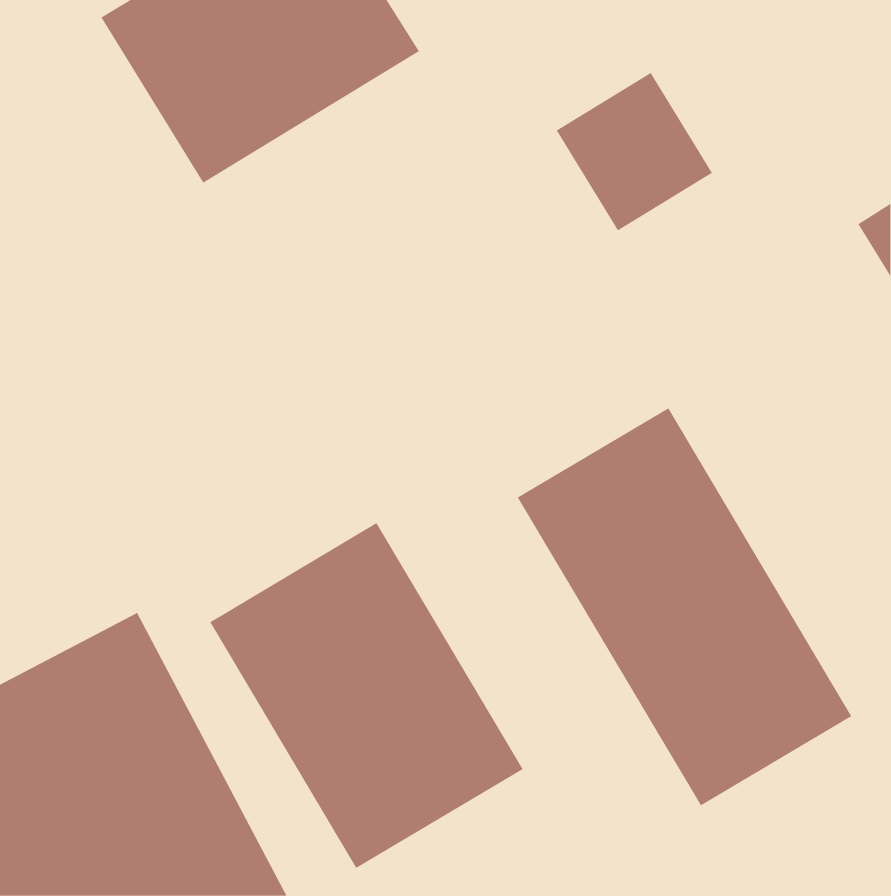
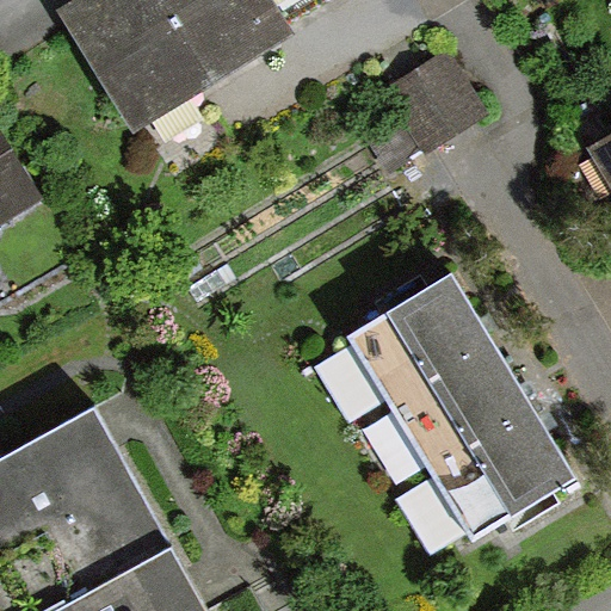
building: [209,522,523,869] -> none

